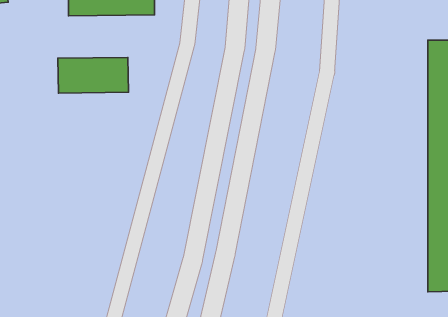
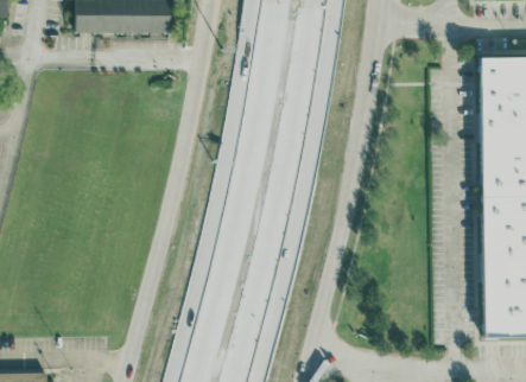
building: [58,57,129,93] -> none

